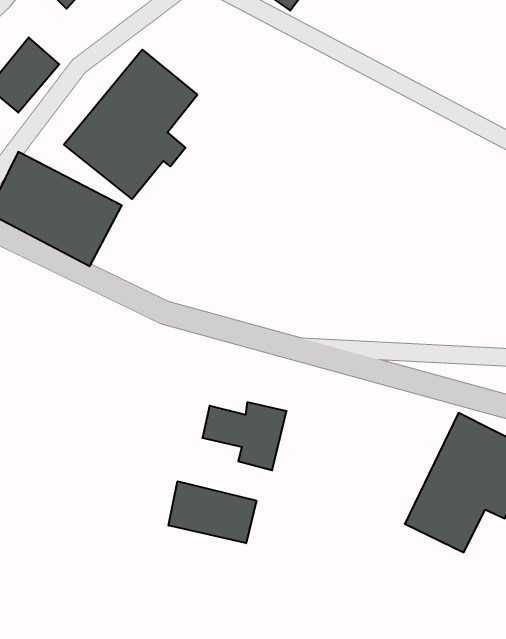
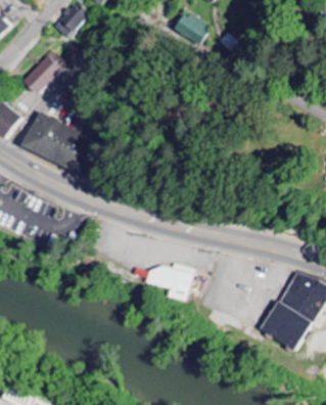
building: [64,50,197,199] -> none
building: [169,481,256,543] -> none

